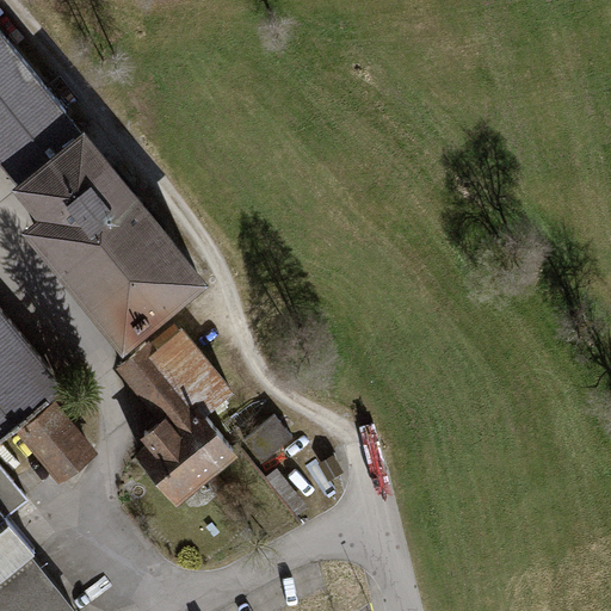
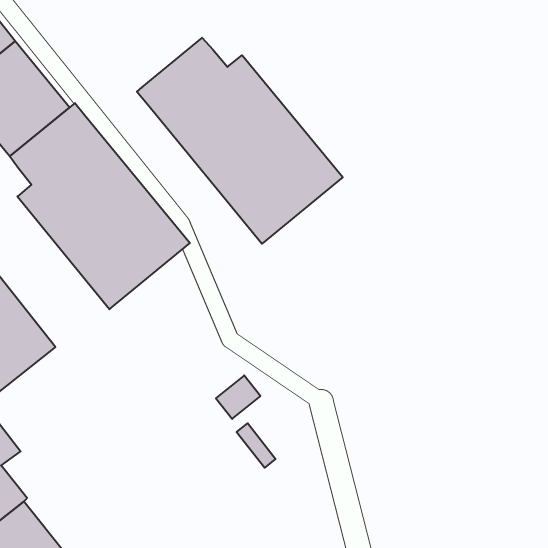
building: none -> [137,38,343,244]
building: [111,327,236,505] -> none
building: [11,405,93,489] -> none

